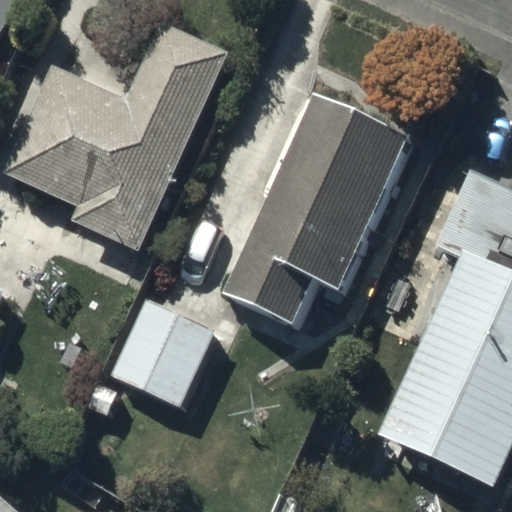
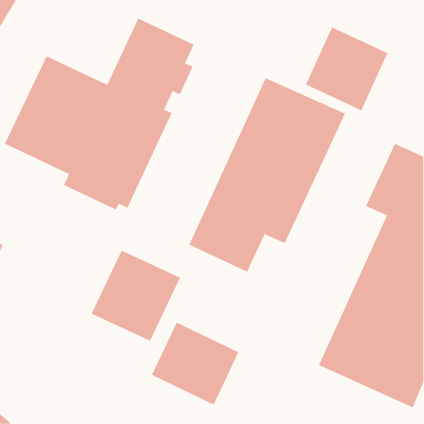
building: none -> [305,27,388,111]
building: none -> [151,322,239,405]

